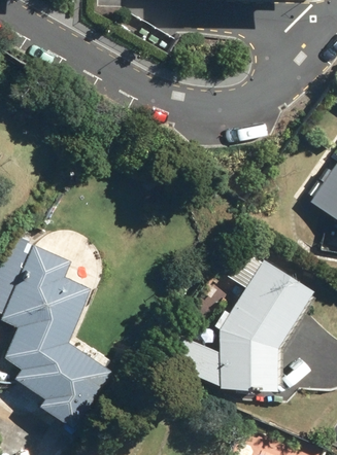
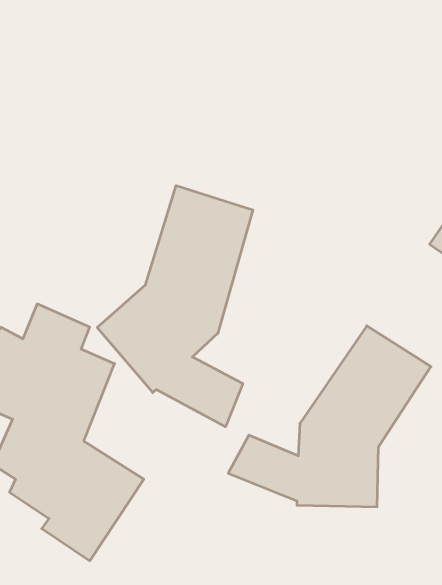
building: none -> [97,186,253,427]

